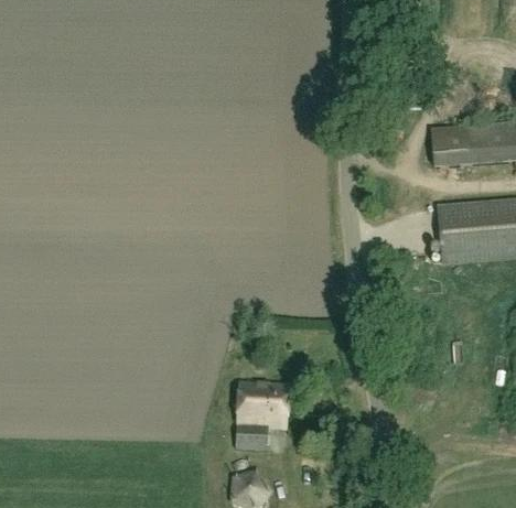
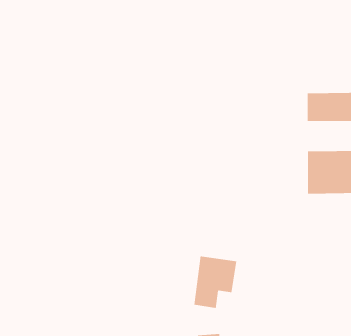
building: [236,380,289,447] -> [193,256,237,308]

